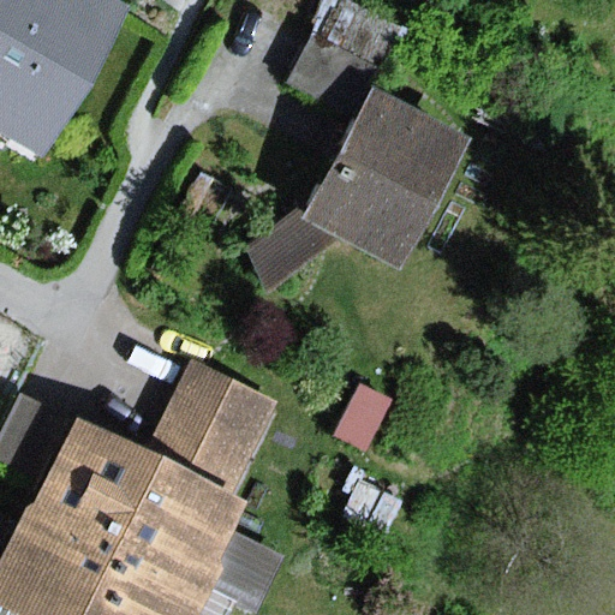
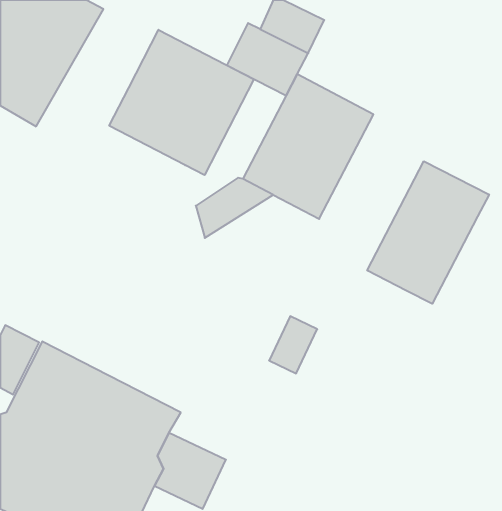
building: none -> [109,30,254,175]
building: none -> [367,161,489,304]
building: [143,357,279,496] -> none

